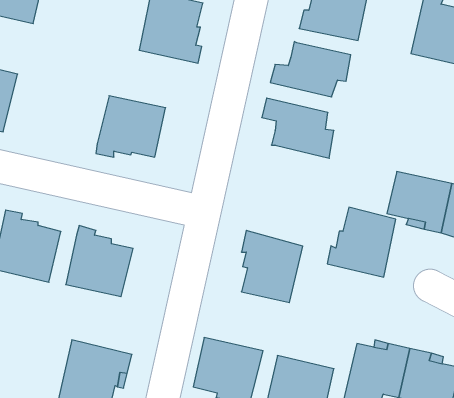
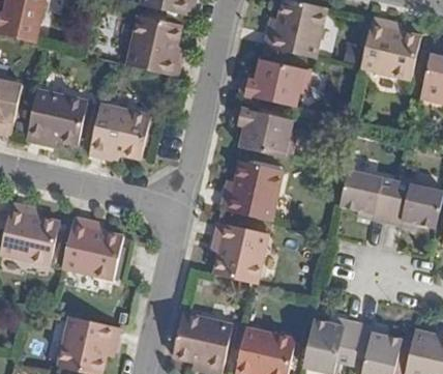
building: none -> [26,90,86,143]
building: [327,207,396,277] -> [222,161,280,221]

